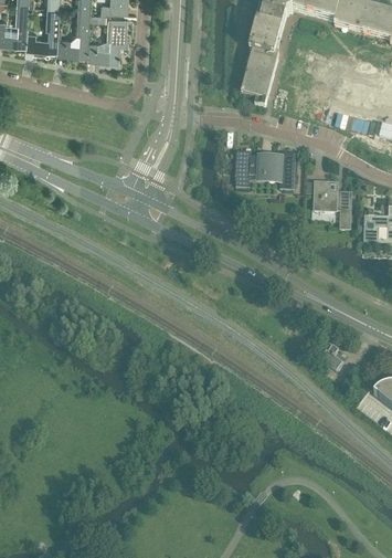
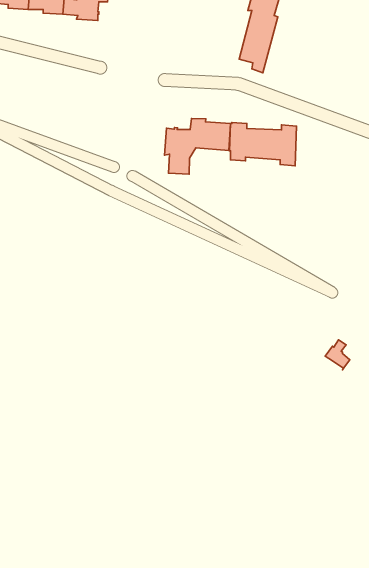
building: none -> [165,119,231,174]
building: [314,181,352,229] -> none

